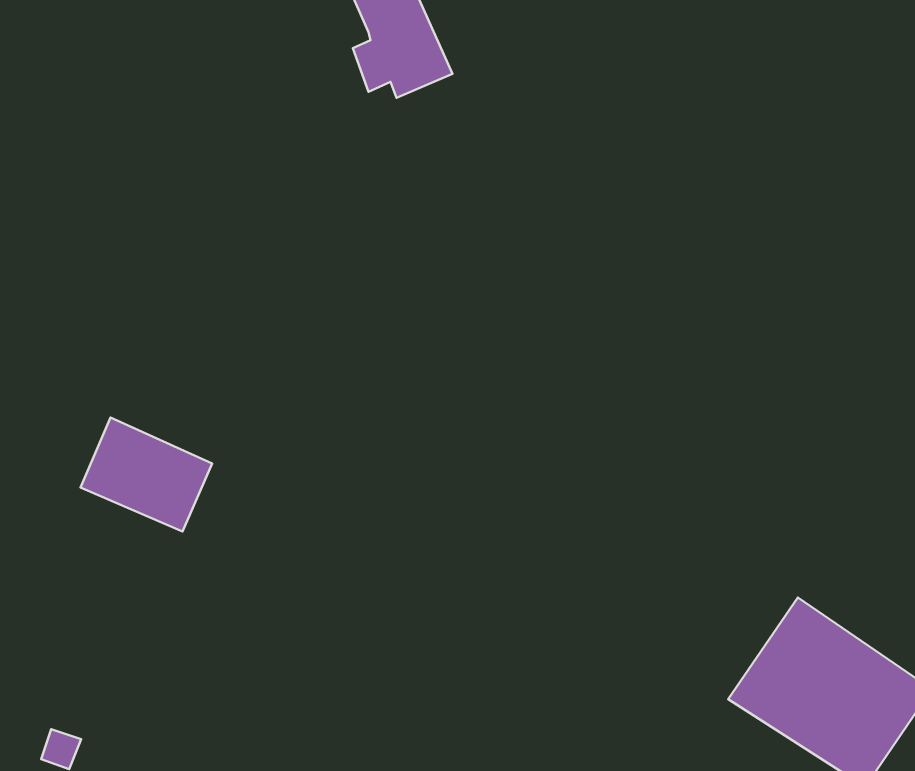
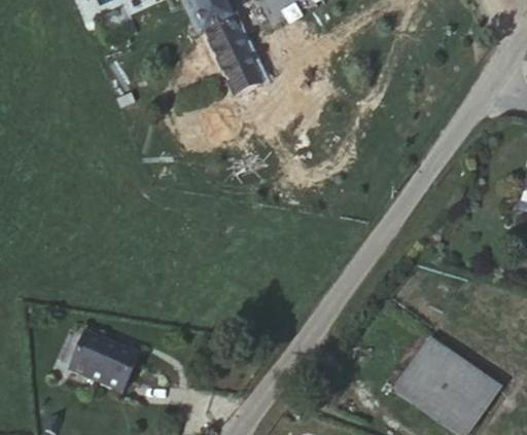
building: [81,418,212,531] -> [72,332,140,391]

